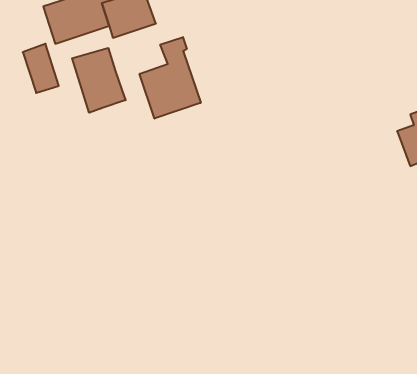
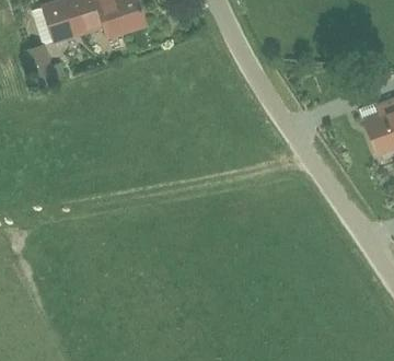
building: [140,37,201,119] -> none
building: [72,48,126,113] -> none

